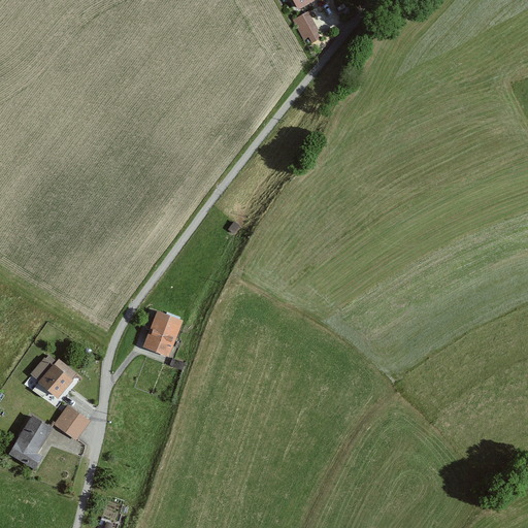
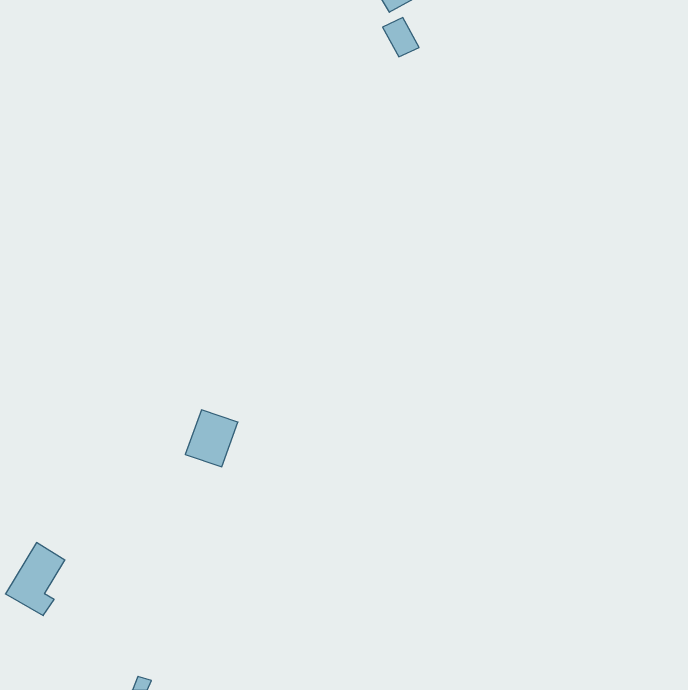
building: [31,352,75,398] -> none
building: [54,405,90,441] -> none

